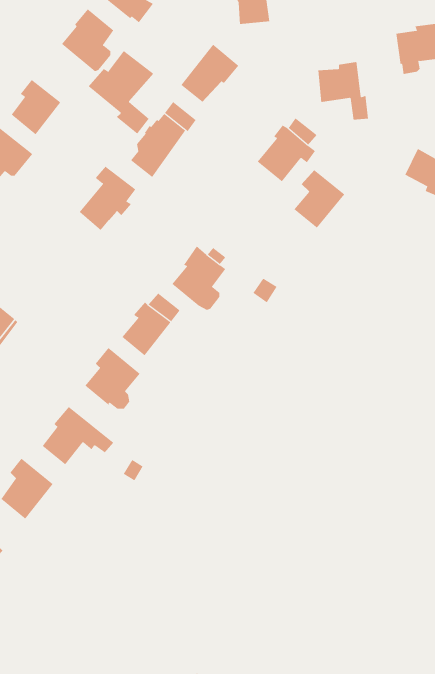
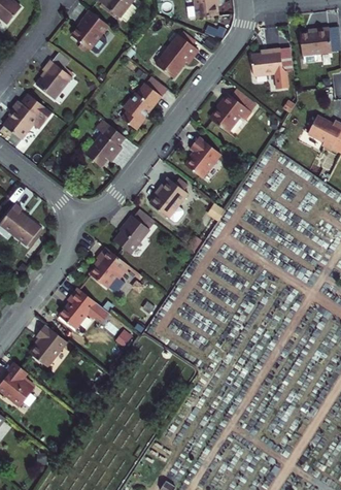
building: [88,50,154,135] -> none
building: [294,169,345,228] -> [184,137,220,178]

